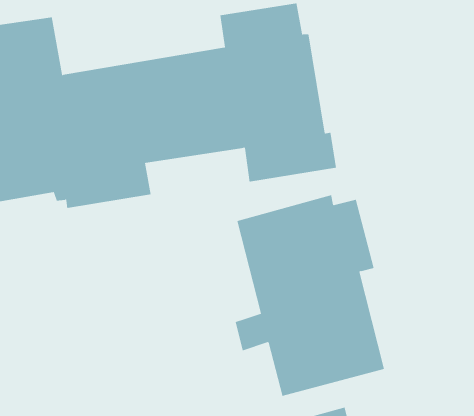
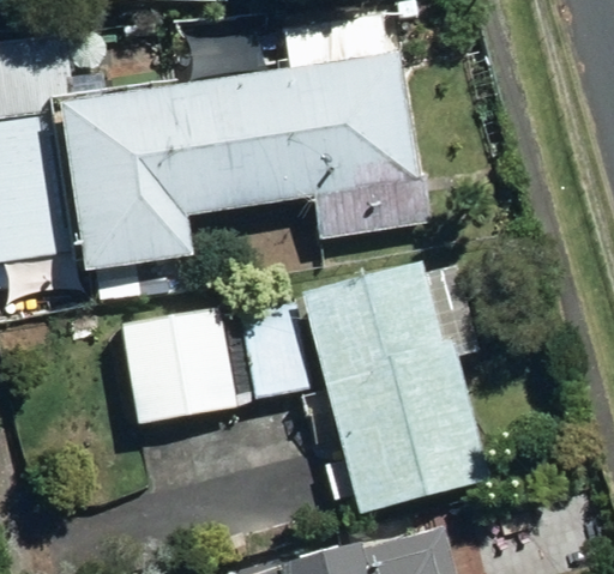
building: none -> [116,301,308,424]

